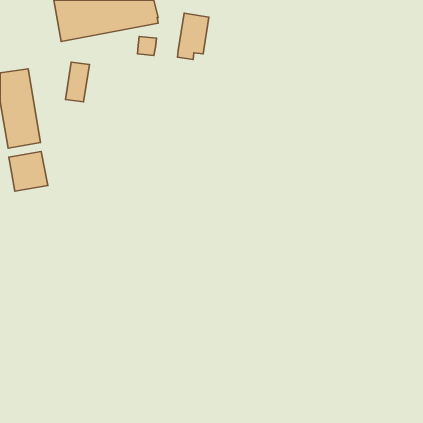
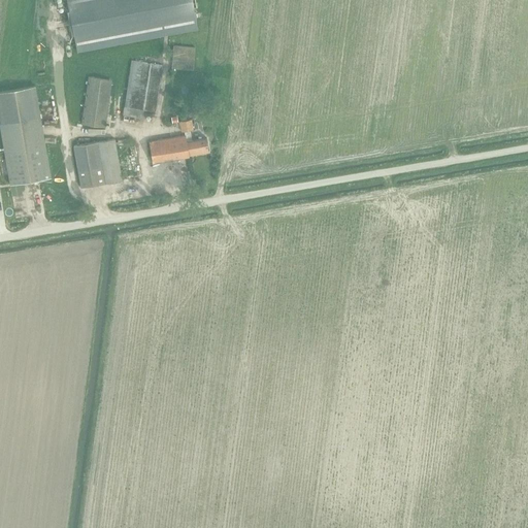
building: [177,13,209,60] -> [123,61,162,119]
building: none -> [148,120,208,162]
building: [9,151,48,191] -> [73,138,122,188]

